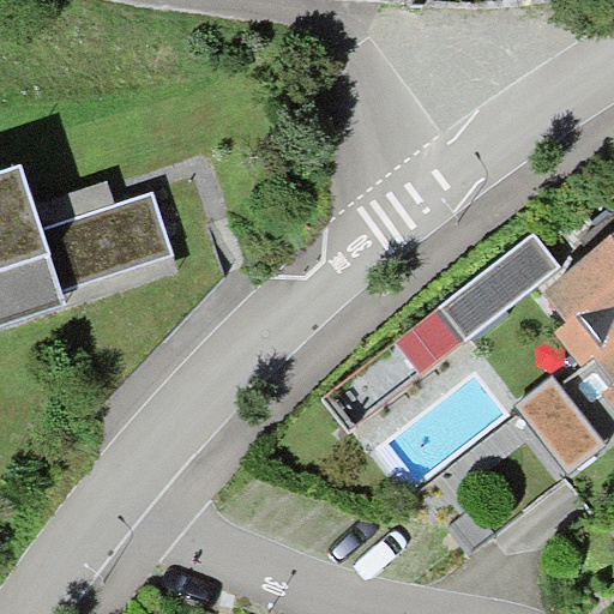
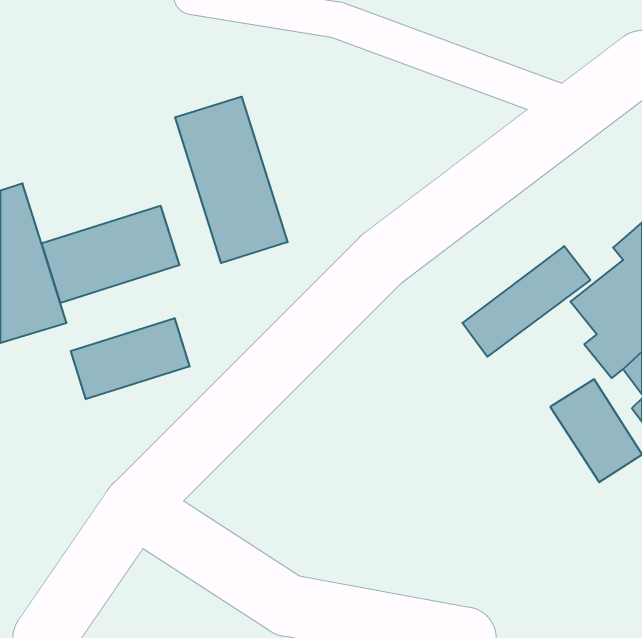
building: none -> [175,97,288,263]
building: none -> [71,318,190,399]

